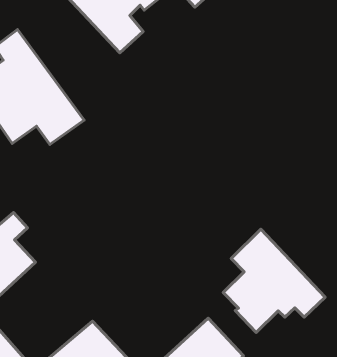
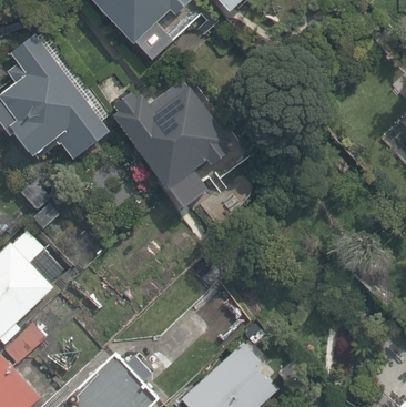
building: none -> [102,73,243,204]
building: [223,229,325,332] -> none

